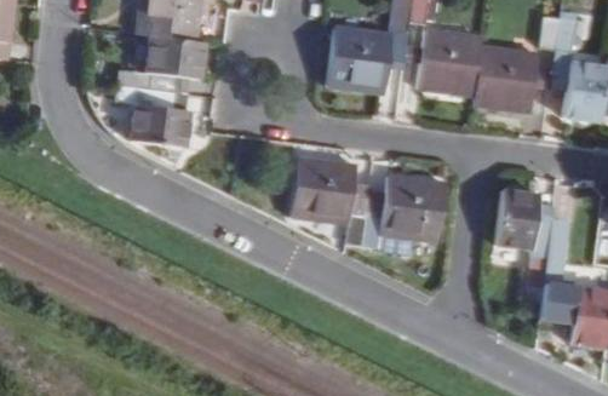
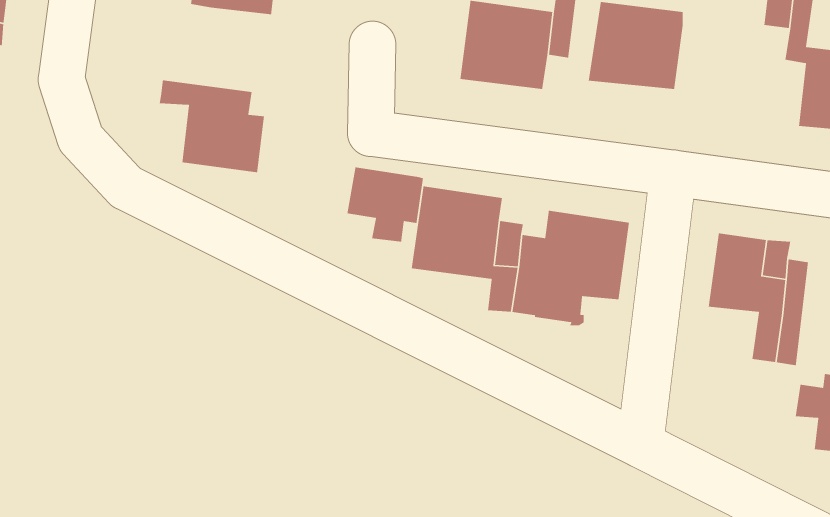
building: [117,34,203,92] -> none
building: [474,46,537,108] -> none
building: none -> [346,167,424,243]

